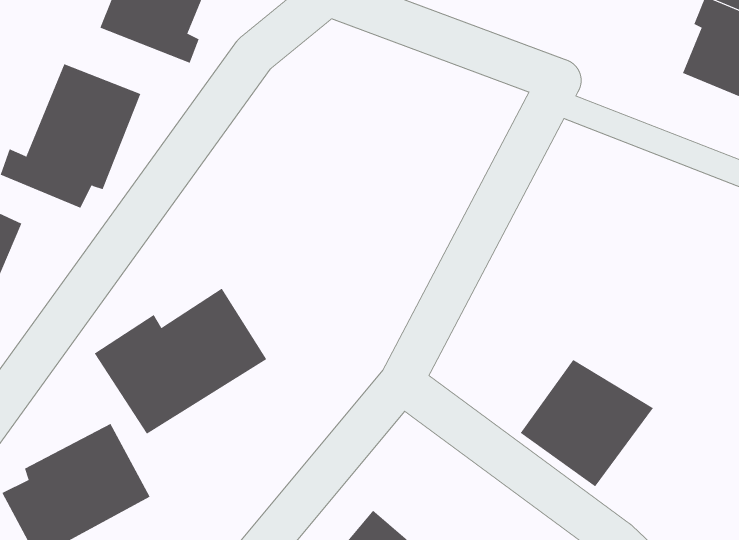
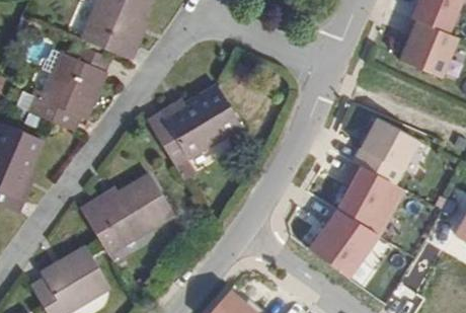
building: none -> [148,84,241,164]
building: none -> [356,119,422,182]
building: none -> [339,167,392,227]

